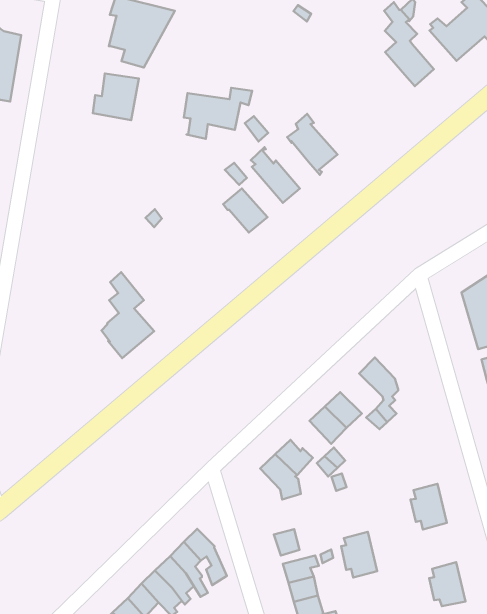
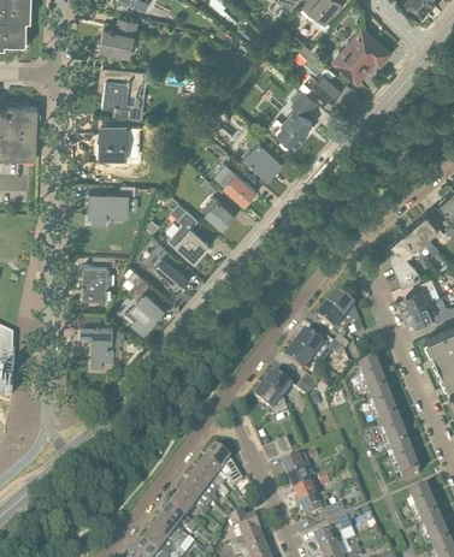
building: none -> [273,88,317,148]
building: [184,88,252,139] -> [88,185,135,225]
building: none -> [169,209,208,260]
building: none -> [82,256,114,298]
building: none -> [154,251,189,294]
building: none -> [81,326,124,368]
building: none -> [328,294,364,334]
building: none -> [358,363,387,398]
building: [341,532,377,578] -> [379,419,408,454]

